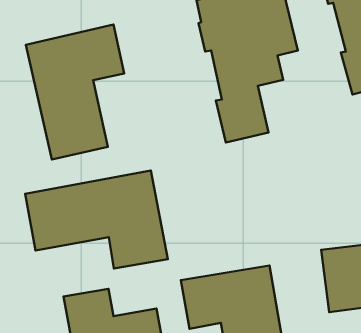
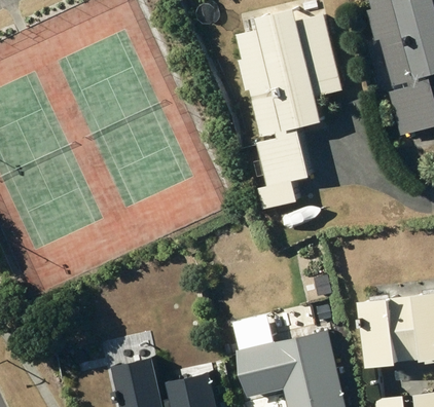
building: [26,24,124,159] -> none
building: [25,171,168,269] -> none

